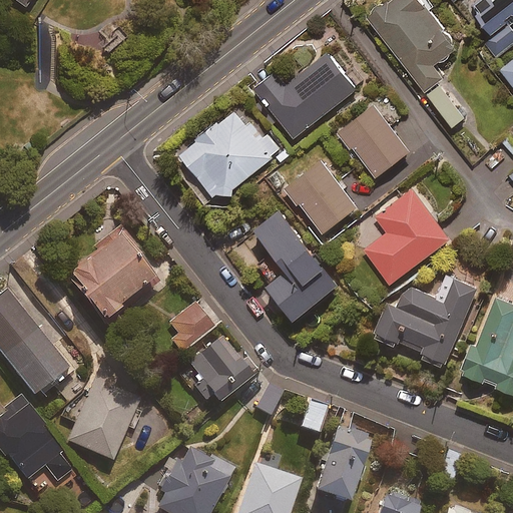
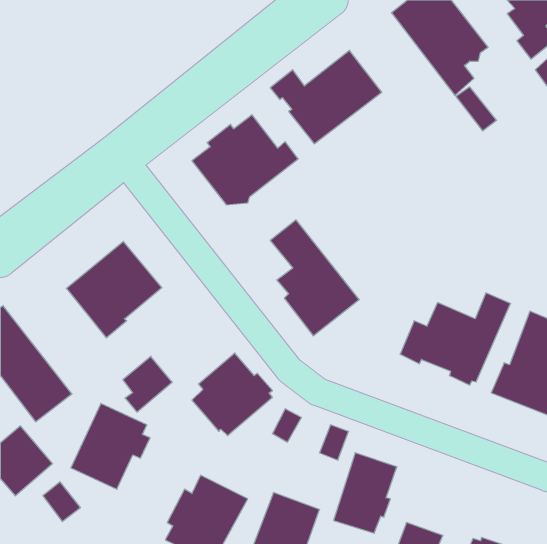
building: [337,104,409,176] -> none
building: [287,159,357,231] -> none
building: [365,188,451,285] -> none
building: [168,303,214,355] -> [123,356,172,412]

